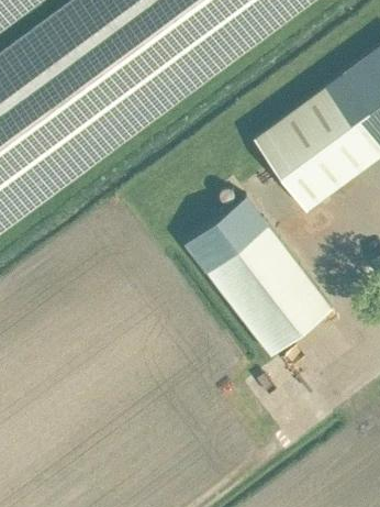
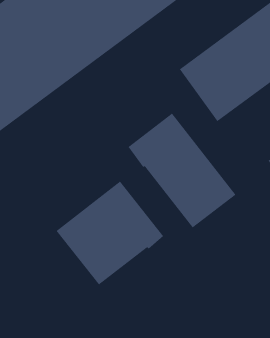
building: none -> [56,180,164,285]

